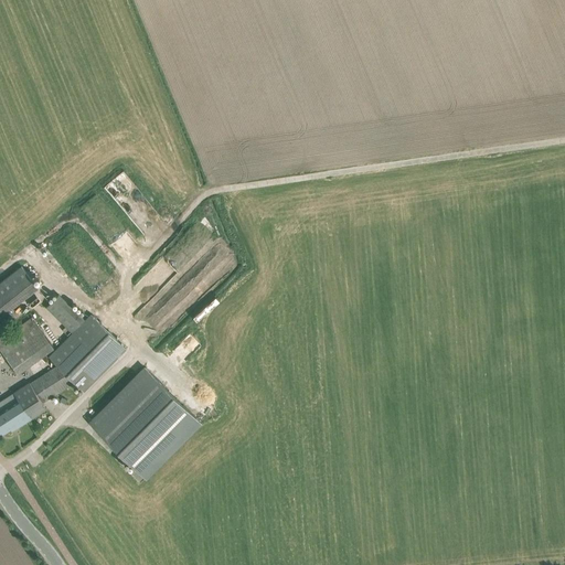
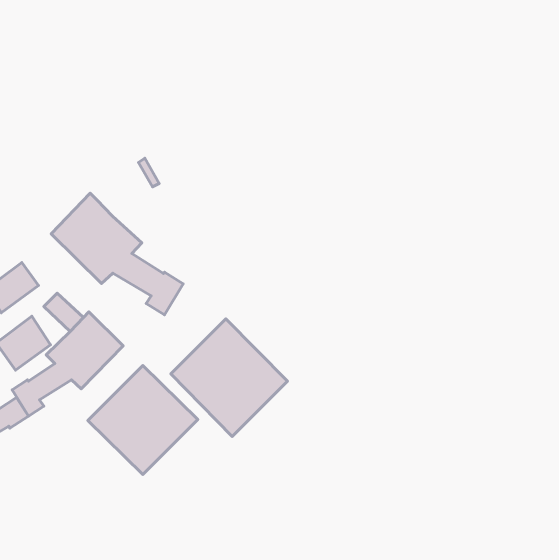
building: none -> [51,193,183,315]
building: none -> [171,319,287,436]

